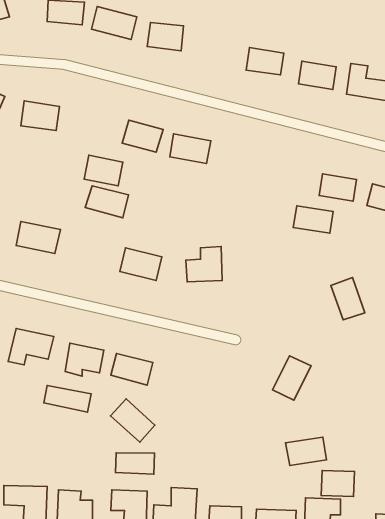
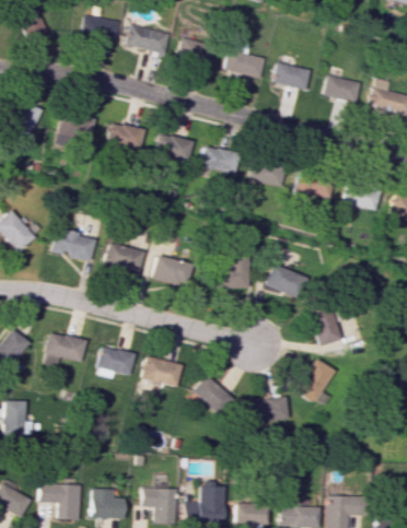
building: none -> [224,40,263,77]
building: none -> [248,160,283,184]
building: [84,155,123,186] -> [105,122,142,152]
building: [85,186,129,218] -> [102,243,143,273]
building: [293,206,333,233] -> [294,174,333,200]
building: none -> [265,265,306,298]
building: [331,278,365,320] -> [309,305,341,345]
building: [44,386,91,412] -> none
building: [110,399,155,442] -> [193,375,235,416]
building: [285,437,326,466] -> [249,397,289,424]
building: [116,453,154,474] -> none
building: [321,470,355,497] -> none

